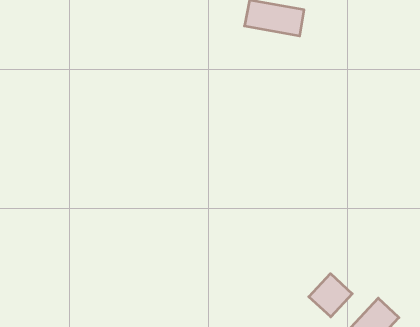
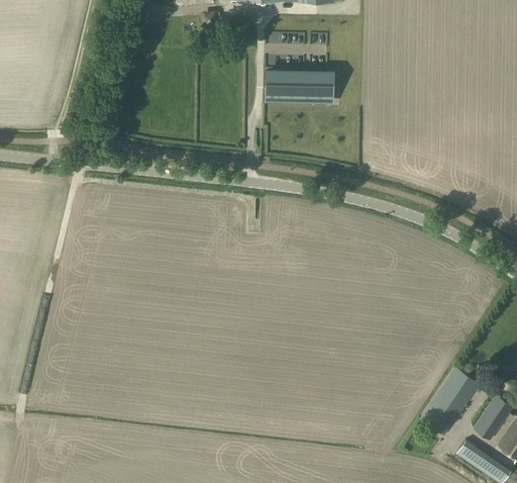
building: [309,274,352,317] -> none

